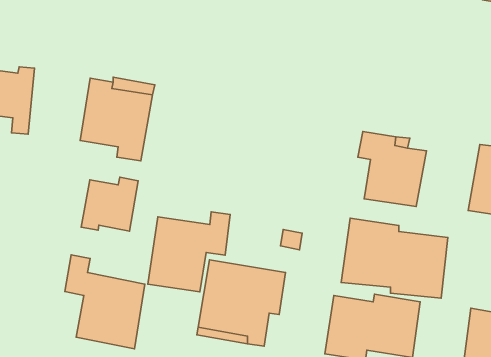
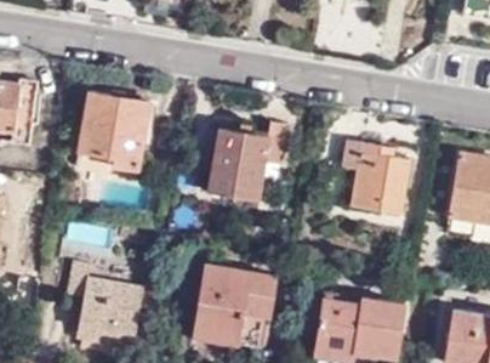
building: [81,177,138,231] -> none
building: [148,212,230,292] -> [207,123,286,199]
building: [341,218,448,298] -> none

